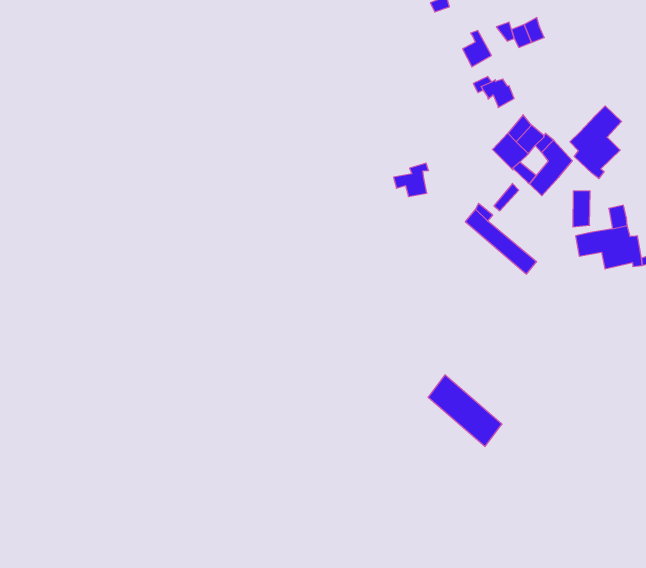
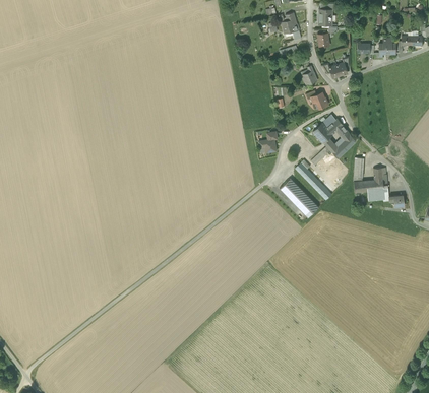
building: [570,106,622,179] -> none
building: [428,375,502,446] -> [280,178,318,218]

